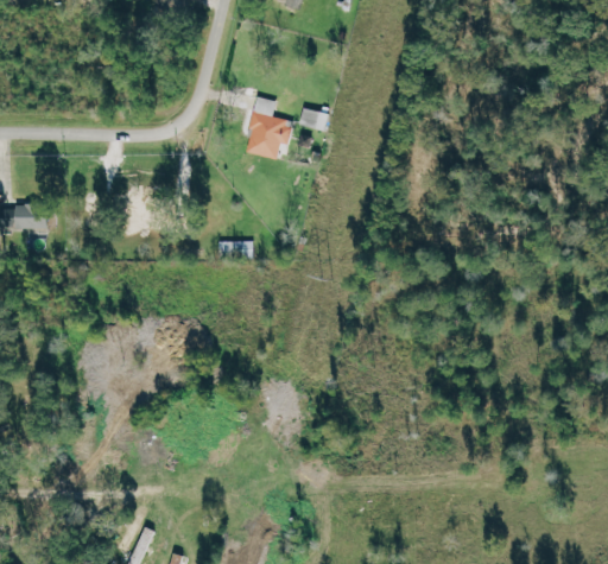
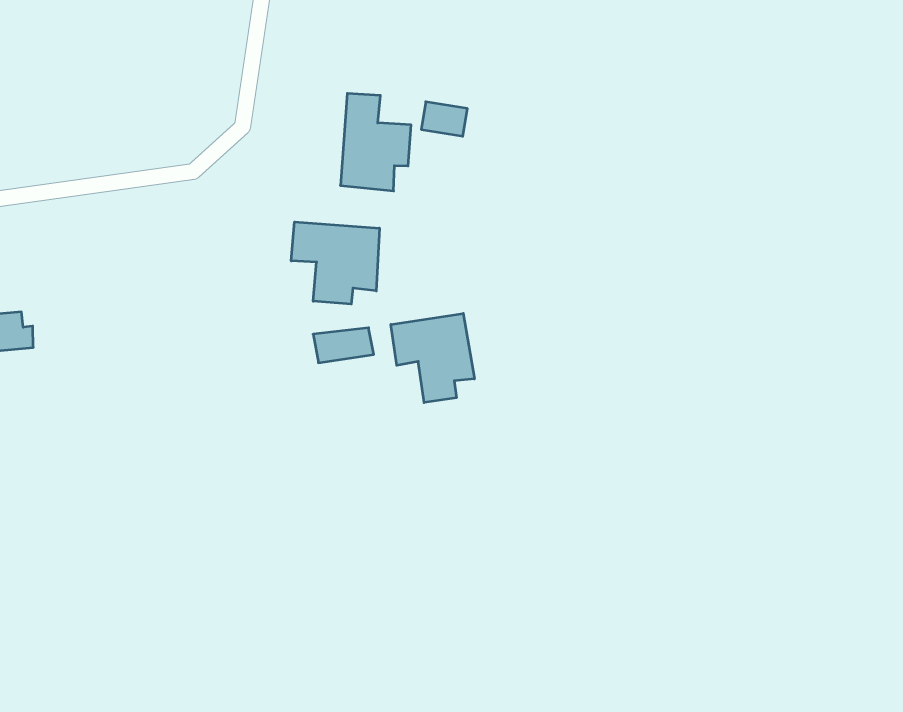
building: none -> [291,222,379,304]
building: none -> [391,313,474,403]

